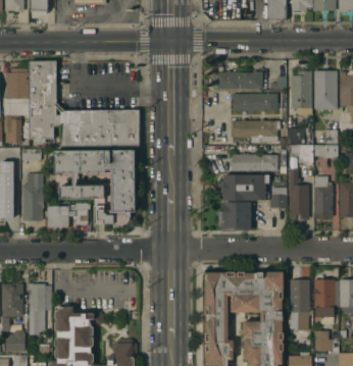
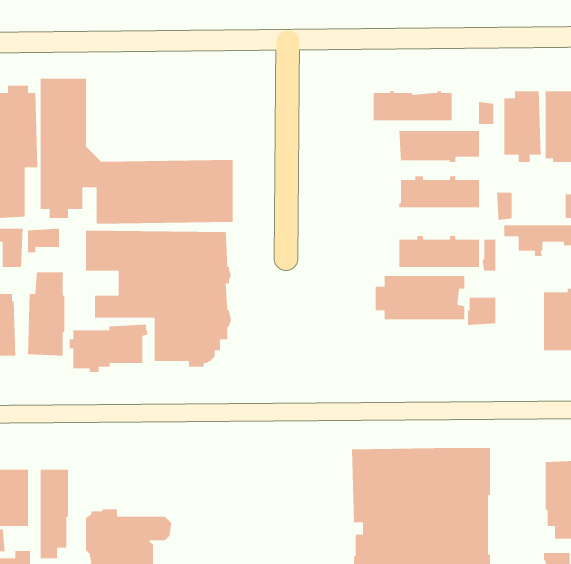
building: [289,169,308,218] -> none
building: [217,201,253,230] -> none
building: [289,278,308,315] -> none

